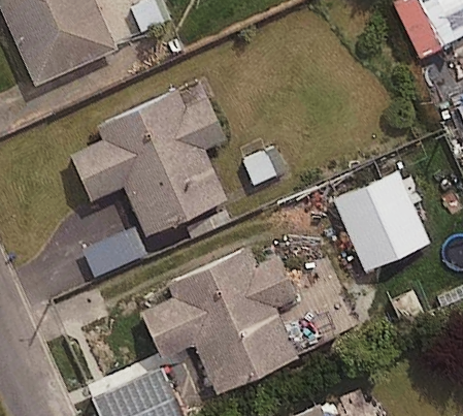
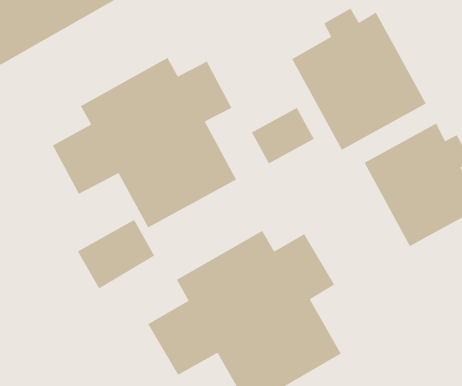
building: none -> [291,7,427,151]

